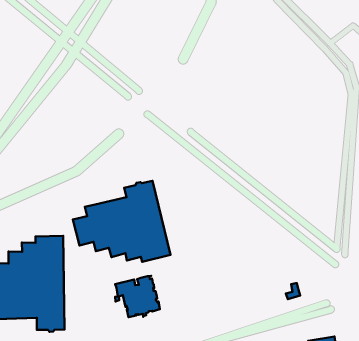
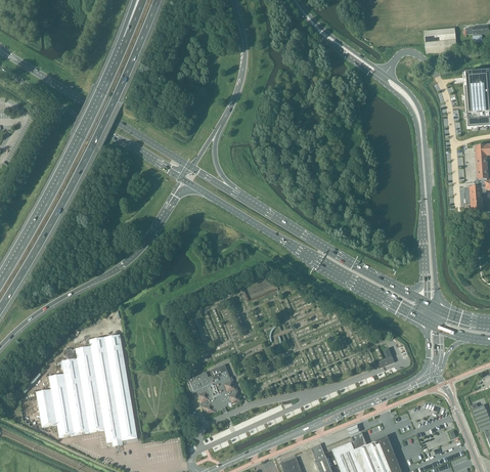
building: [73,181,171,262] -> none

